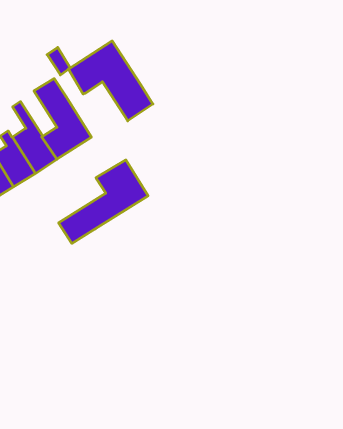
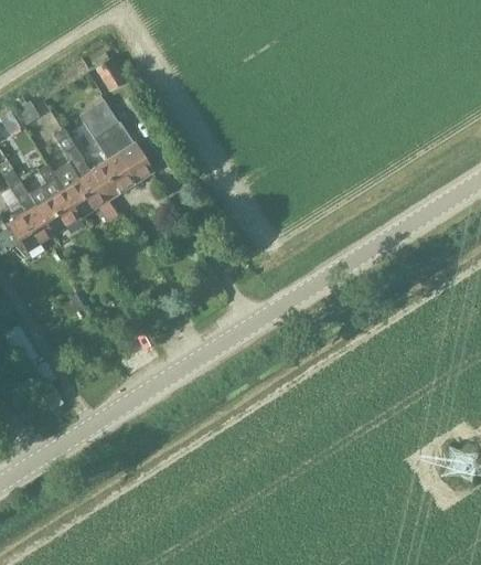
building: [68,41,153,121] -> none
building: [59,160,148,243] -> none

